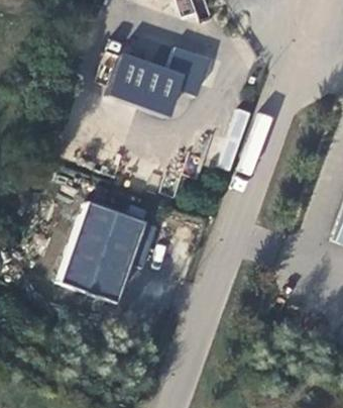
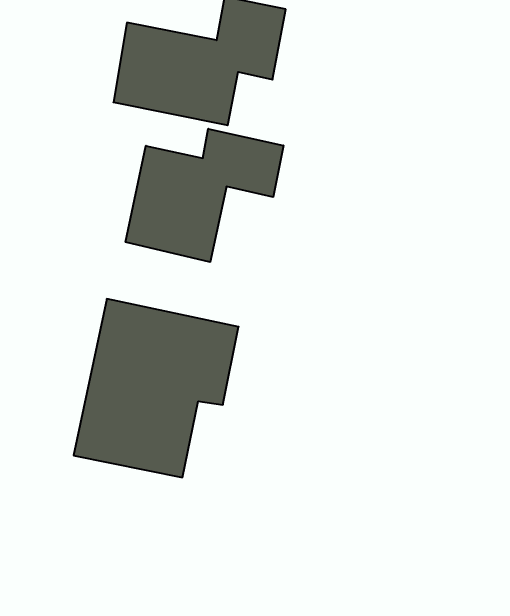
building: none -> [126,129,283,262]

